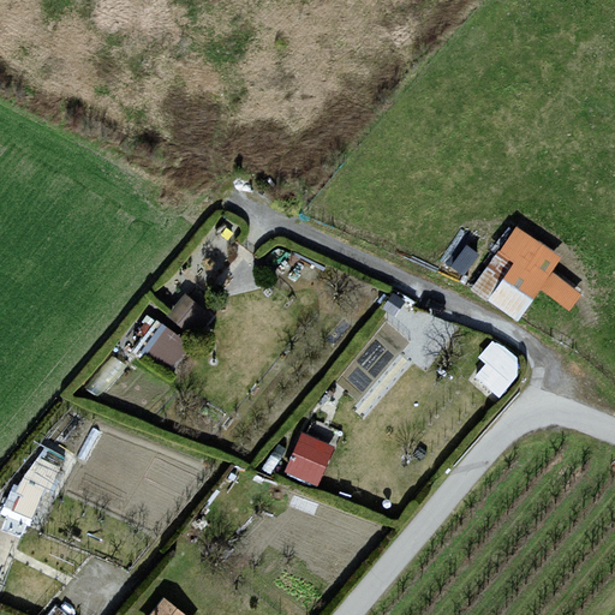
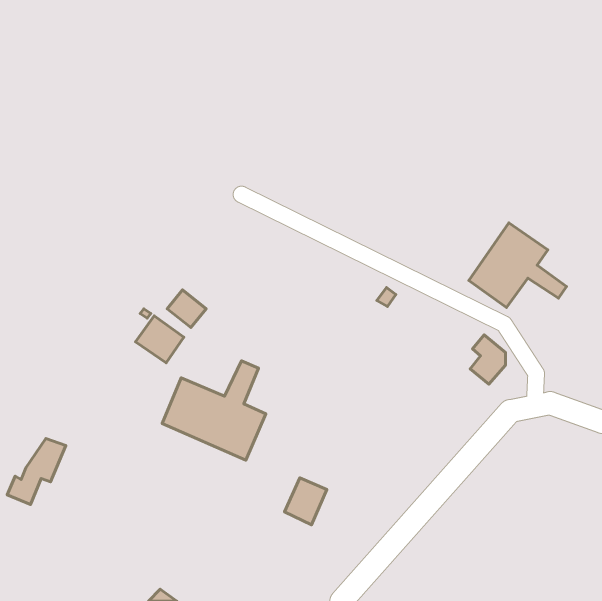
building: none -> [162,361,266,460]
building: [288,434,332,482] -> [284,478,327,525]

